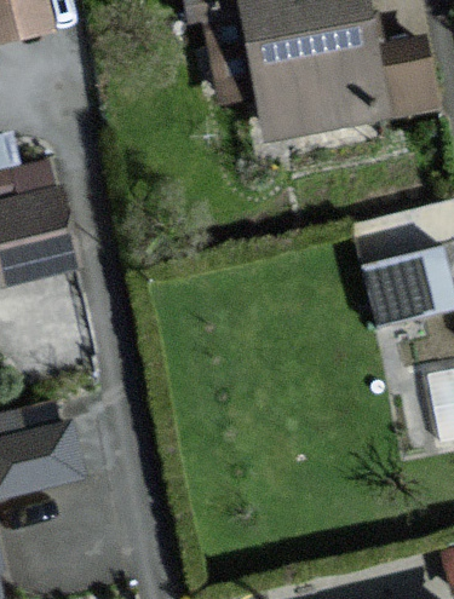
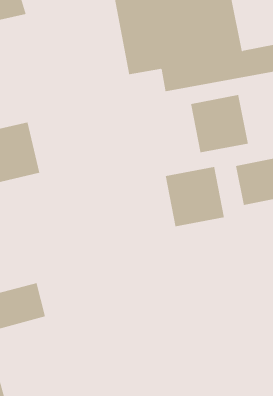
building: none -> [190,94,248,153]
building: none -> [165,166,225,227]

